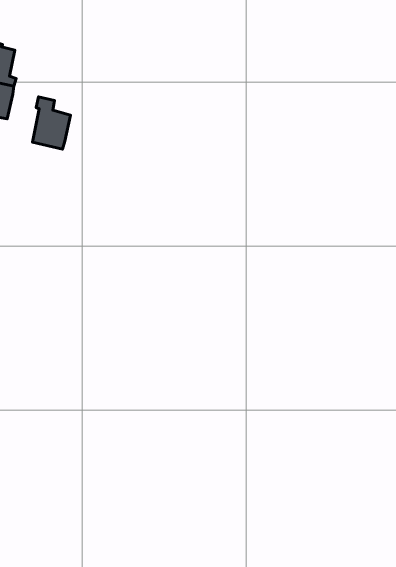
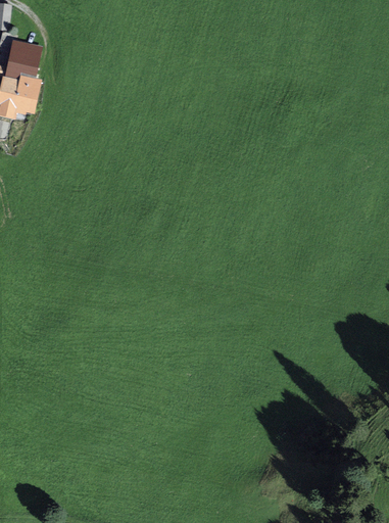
building: [33,97,71,149] -> none

